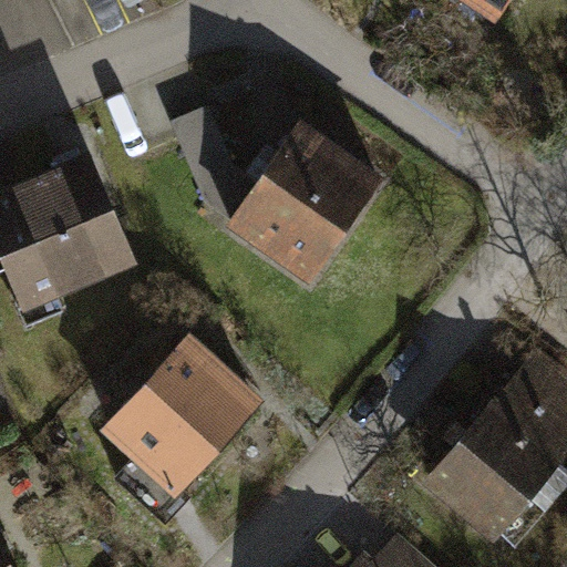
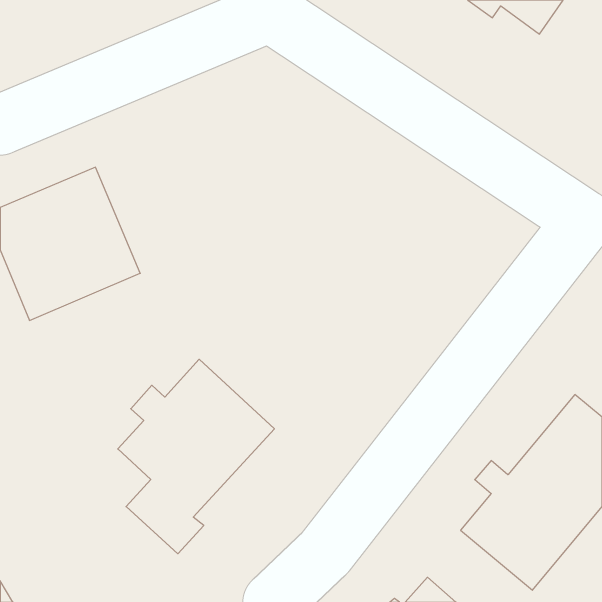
building: [175,109,381,276] -> none

